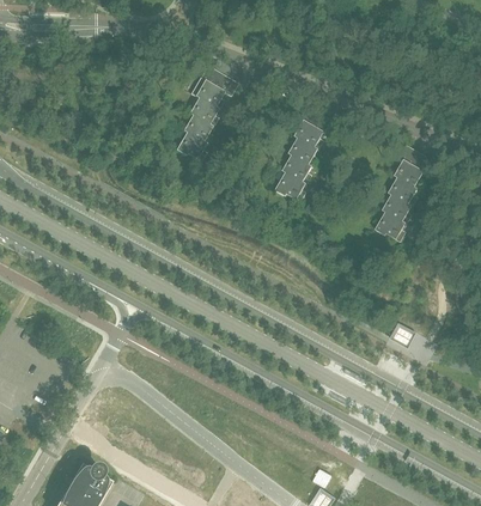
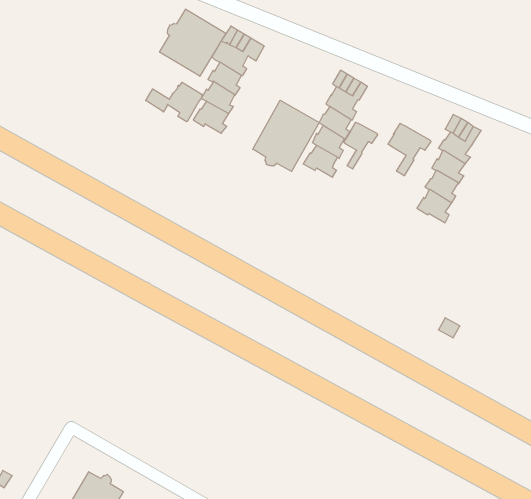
building: none -> [160,9,226,76]
building: none -> [146,82,202,122]
building: none -> [253,100,319,171]
building: none -> [344,122,377,169]
building: none -> [388,123,431,176]

